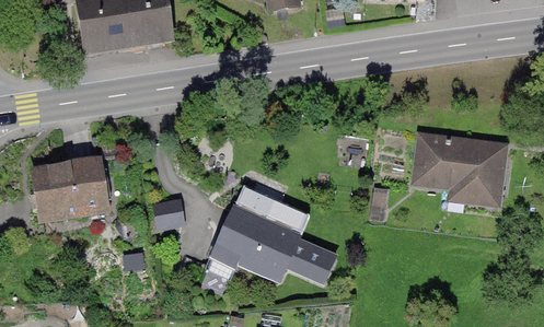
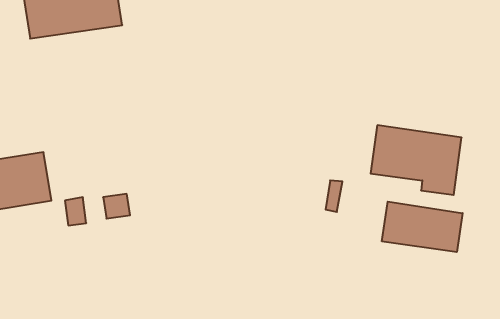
building: [216,187,335,283] -> none
building: none -> [382,202,463,252]

